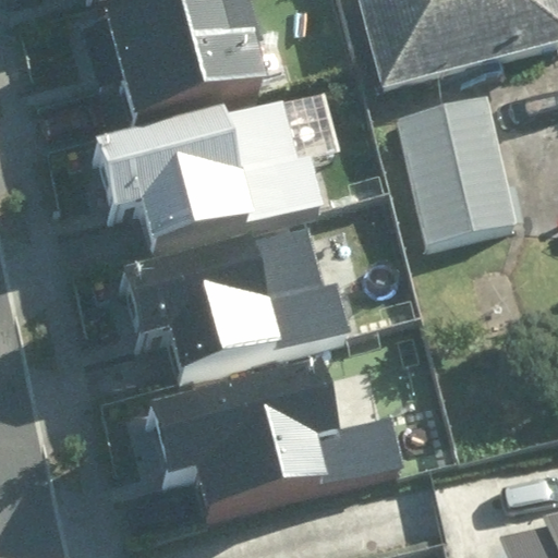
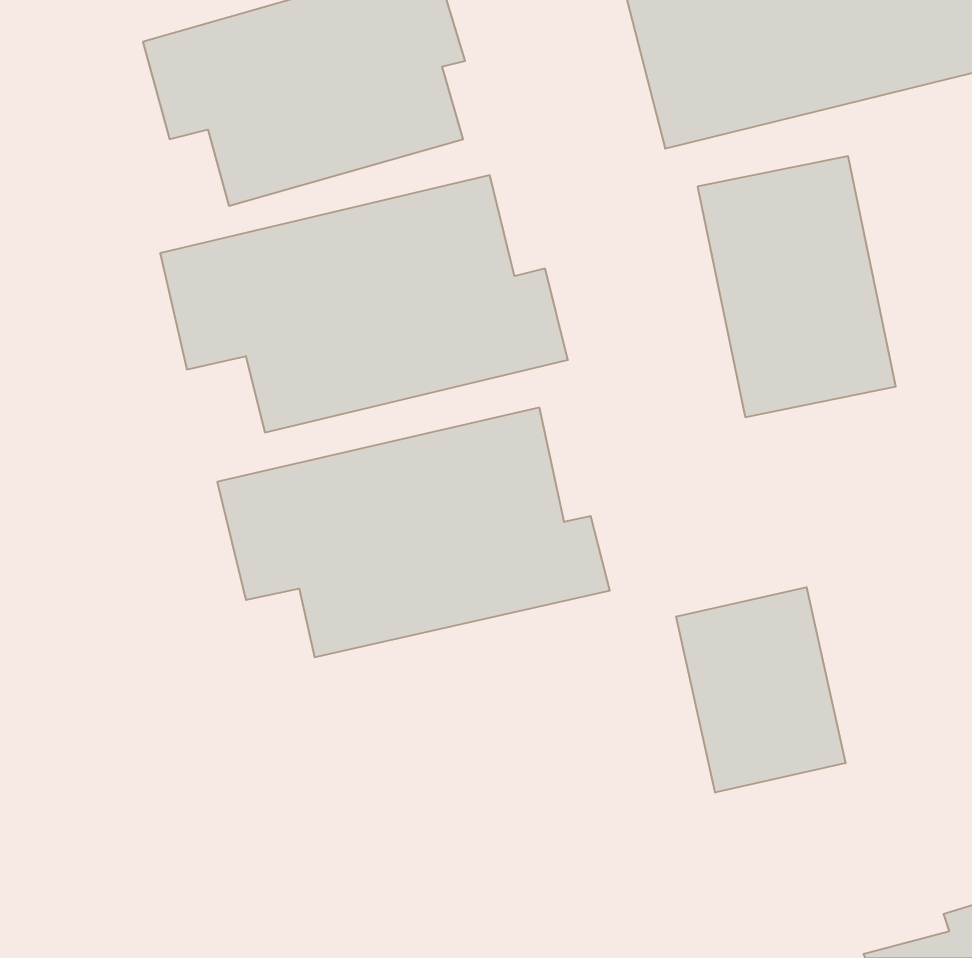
building: none -> [676,587,846,793]
building: [150,372,401,515] -> none

